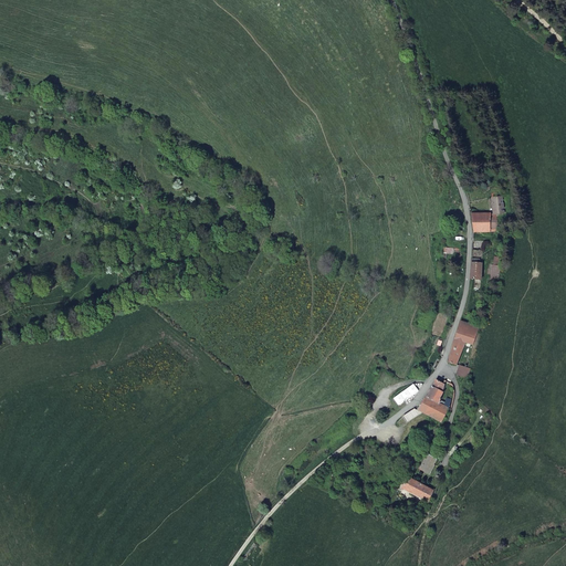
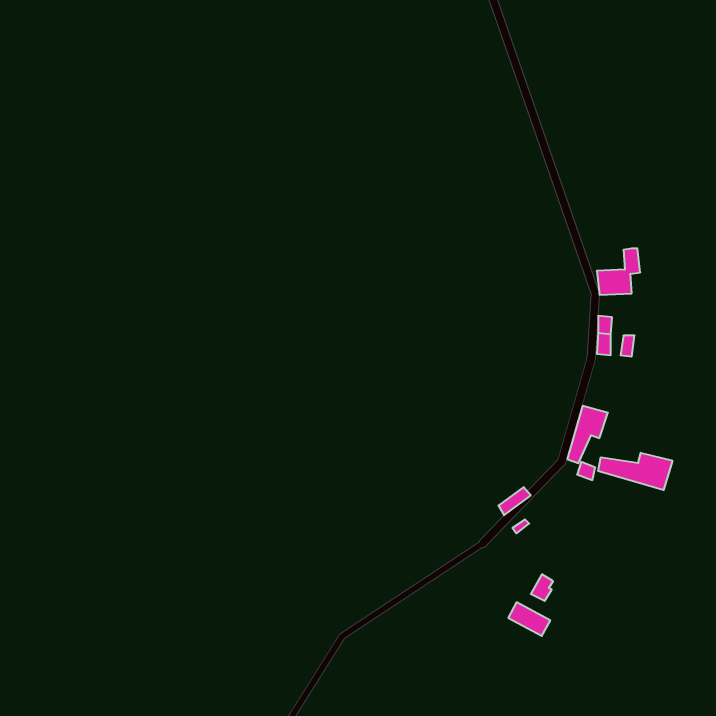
building: none -> [598,453,672,490]
building: [418,379,451,422] -> none

